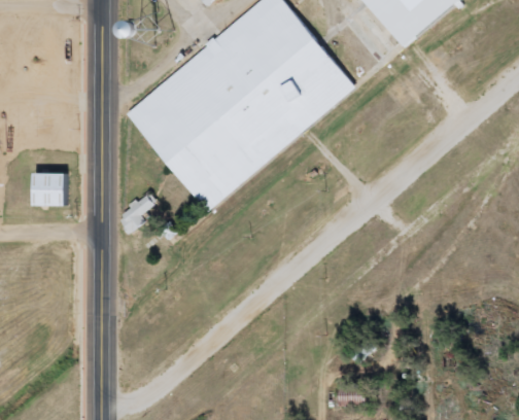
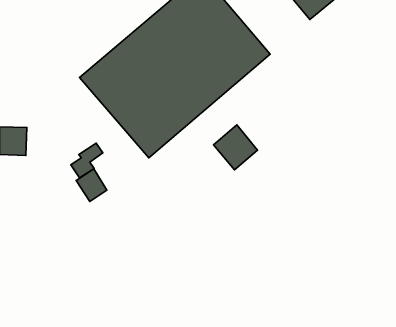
building: none -> [213,125,257,170]
building: none -> [76,169,107,201]

